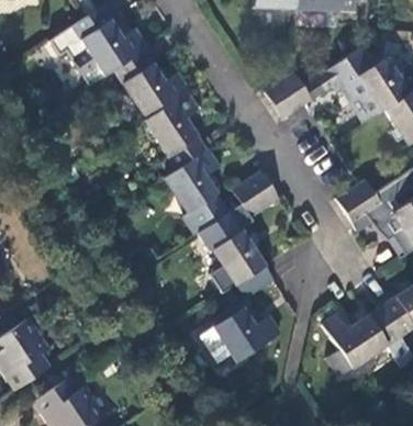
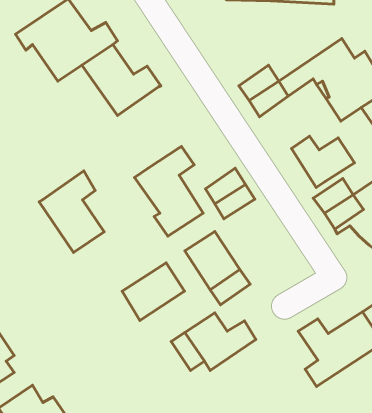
building: [144,92,206,170] -> [39,171,104,252]
building: none -> [291,136,355,188]
building: none -> [122,263,185,321]

